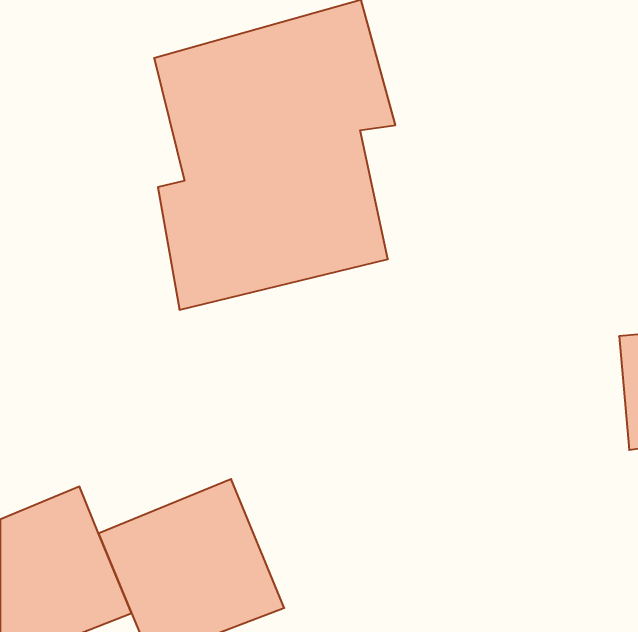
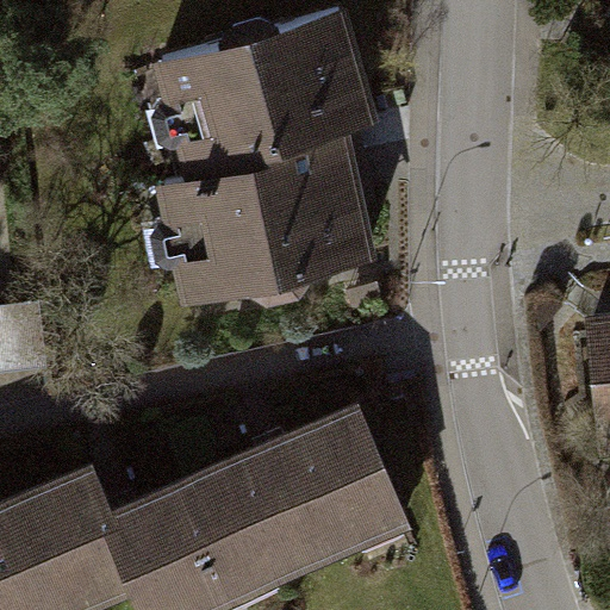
building: none -> [225,412,403,586]

